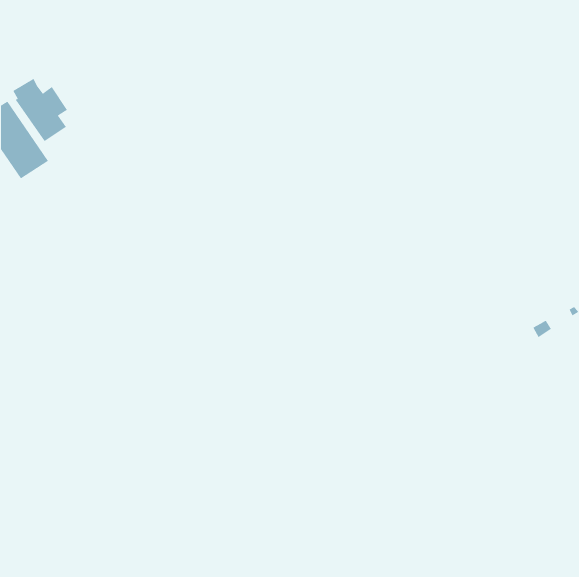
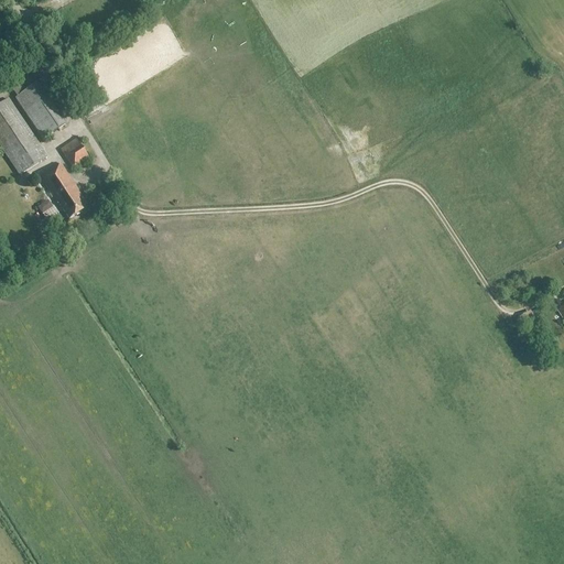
building: none -> [59,138,89,170]
building: none -> [39,162,87,218]

